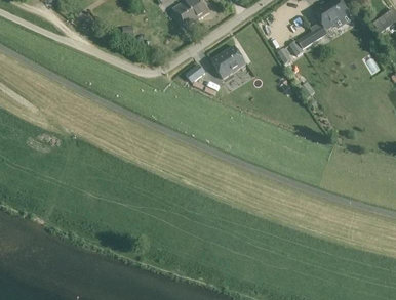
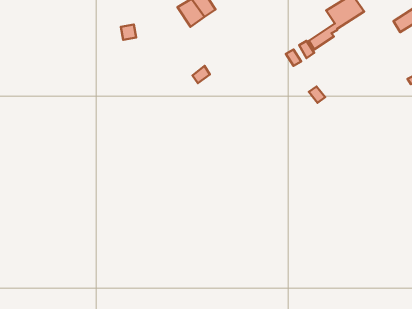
building: [210,45,245,78] -> none

